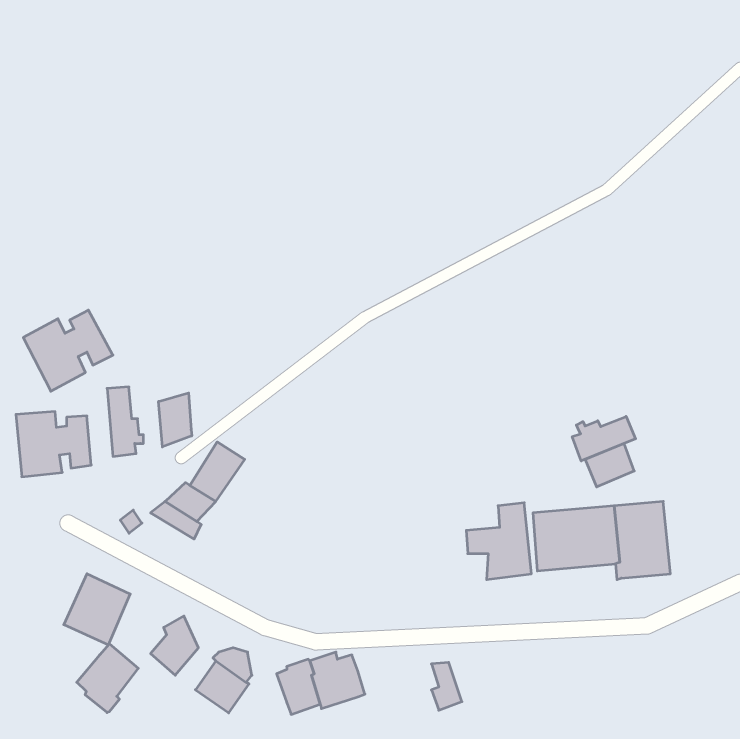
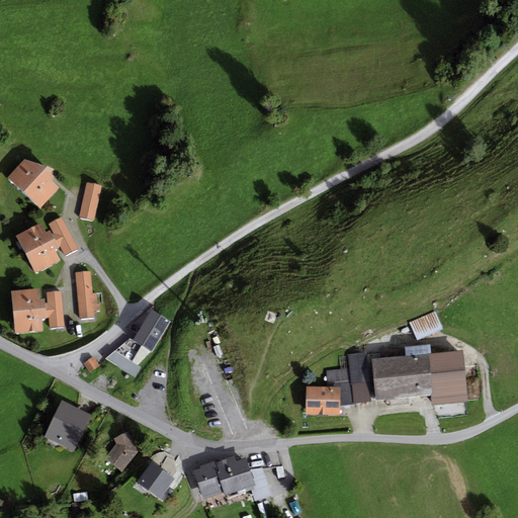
building: none -> [7,159,58,206]
building: none -> [79,181,101,220]
building: [159,393,192,447] -> none
building: [572,416,636,461] -> none
building: none -> [305,385,341,415]
building: [77,644,138,713] -> none
building: [431,662,462,710] -> [250,467,271,501]

